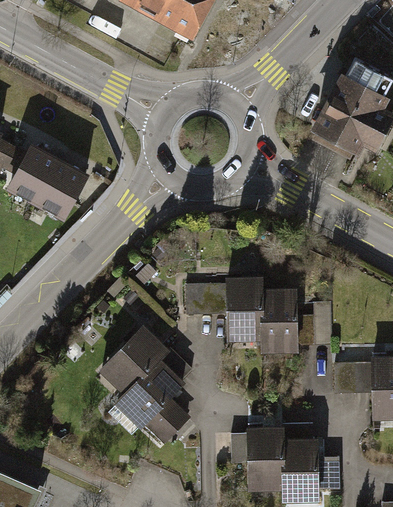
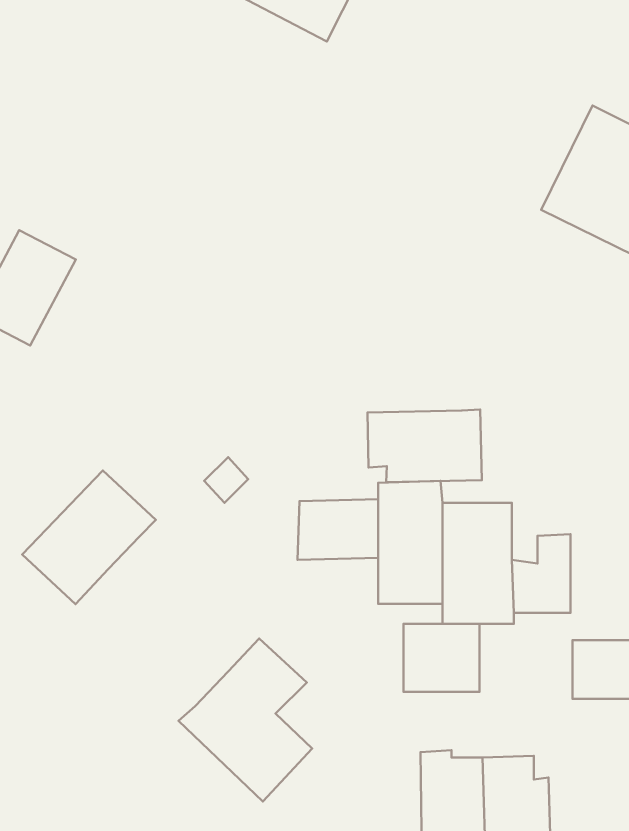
building: [35,153,90,217] -> none
building: none -> [368,410,482,482]
building: [96,324,169,397] -> [22,470,156,604]
building: none -> [403,624,480,692]

